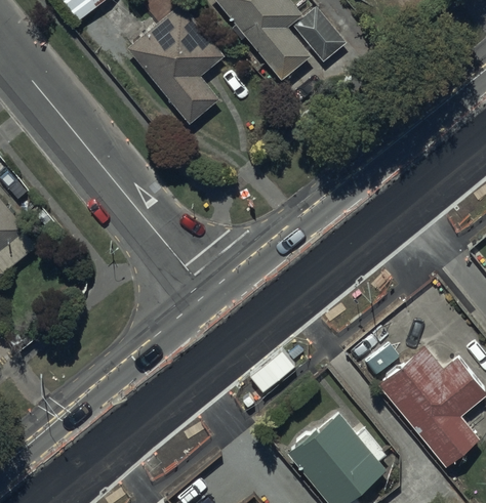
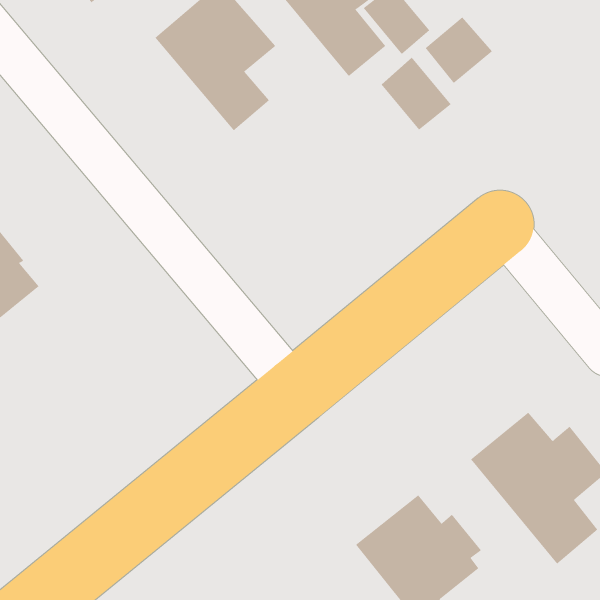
building: none -> [425,16,493,84]
building: none -> [381,57,451,130]

